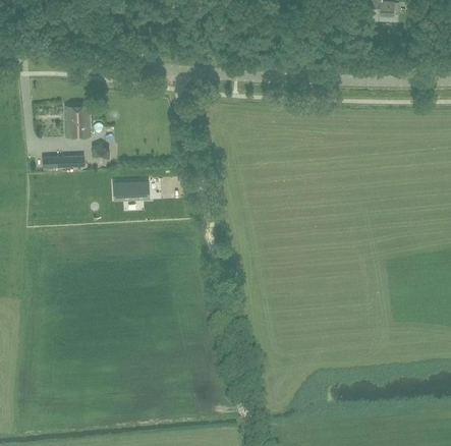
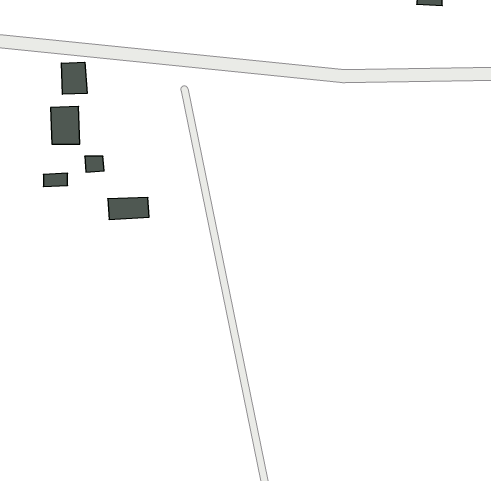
building: none -> [61,62,87,94]

